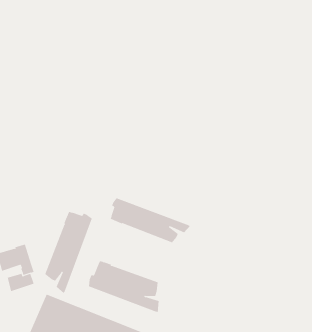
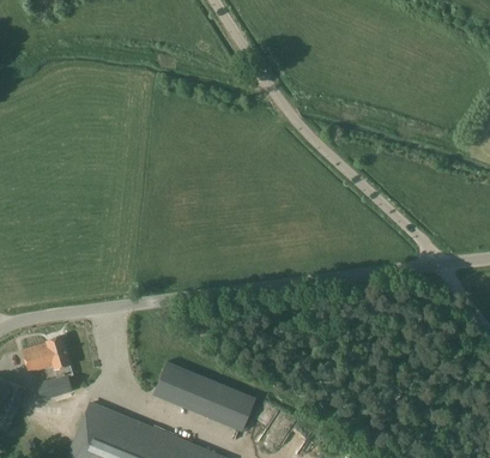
building: [110,197,191,243] -> none
building: [45,211,93,294] -> none

